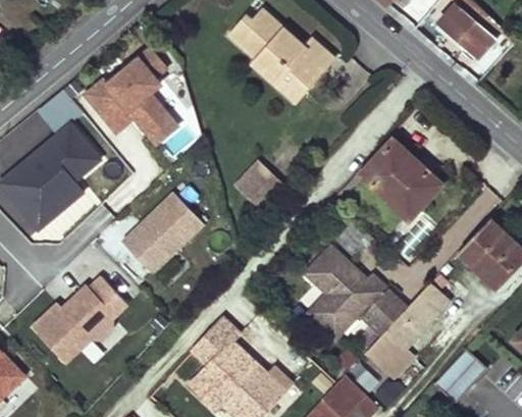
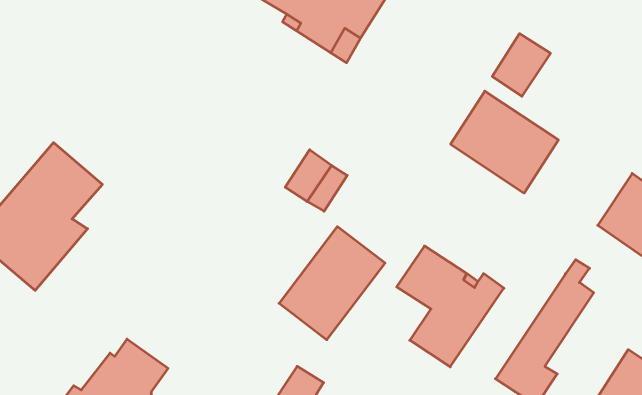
building: [86,49,176,143] -> none
building: none -> [492,34,550,96]
building: [121,193,204,274] -> [279,227,385,340]
building: [360,289,405,333] -> none

